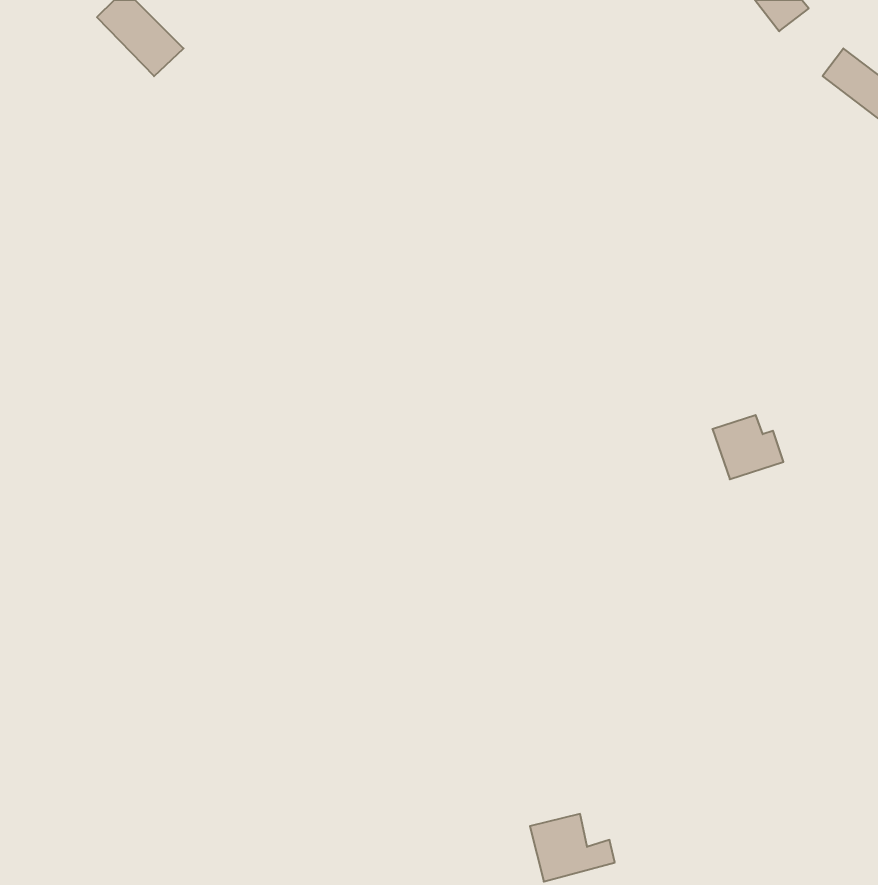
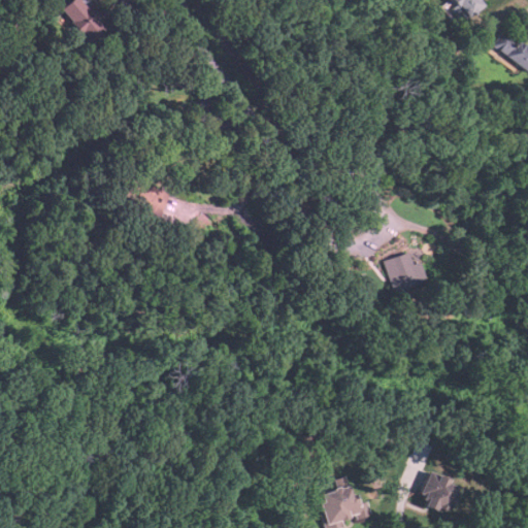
building: [712,415,783,479] -> [384,252,426,290]
building: none -> [420,472,459,512]

